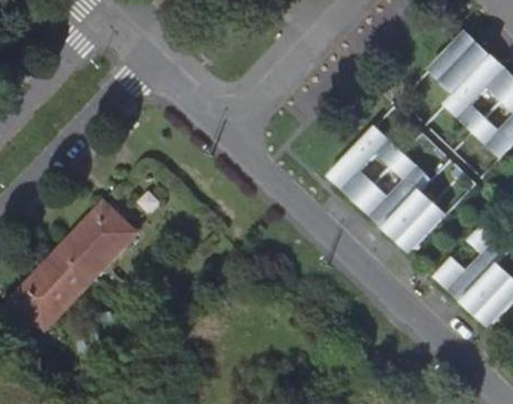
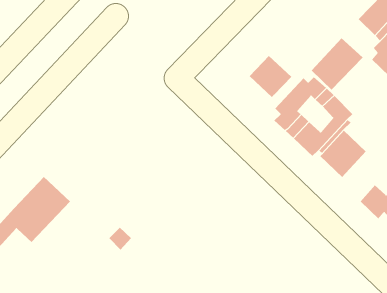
building: none -> [311,38,363,90]
building: none -> [249,55,292,98]
building: [60,203,135,278] -> none

